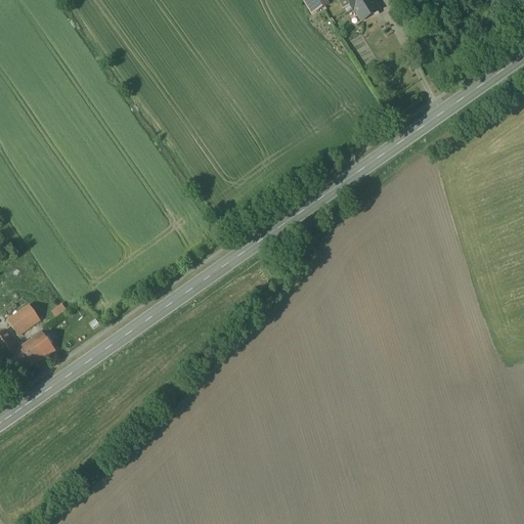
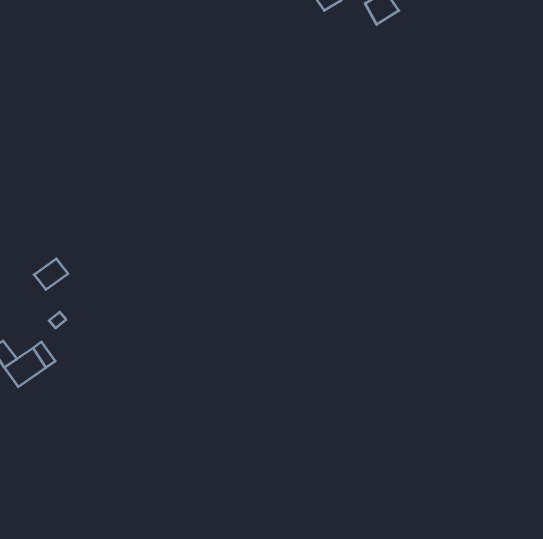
building: [6,302,39,332] -> [34,259,68,290]

